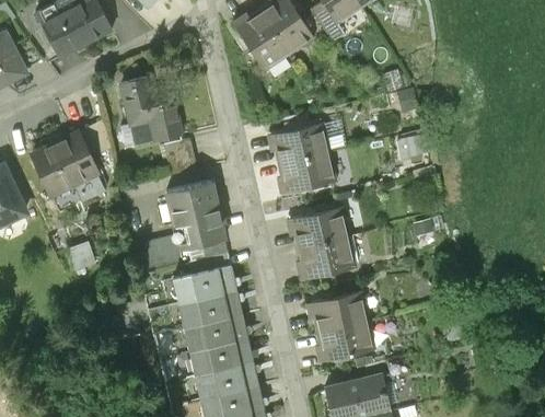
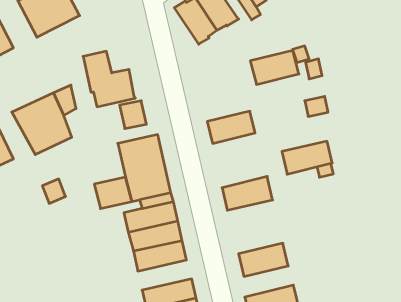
building: [267,124,328,166] -> [250,50,299,84]
building: [287,208,350,250] -> [282,141,332,174]
building: [308,291,370,333] -> none
building: [187,340,255,379] -> none

